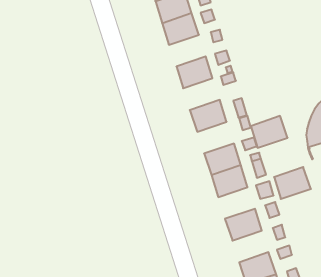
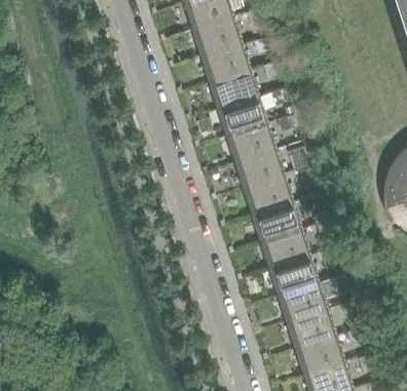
building: none -> [212,71,257,110]
building: none -> [229,124,274,163]
building: [251,116,288,148] -> [247,178,292,217]
building: [274,167,311,199] -> [272,258,318,297]
building: none -> [290,311,334,350]

